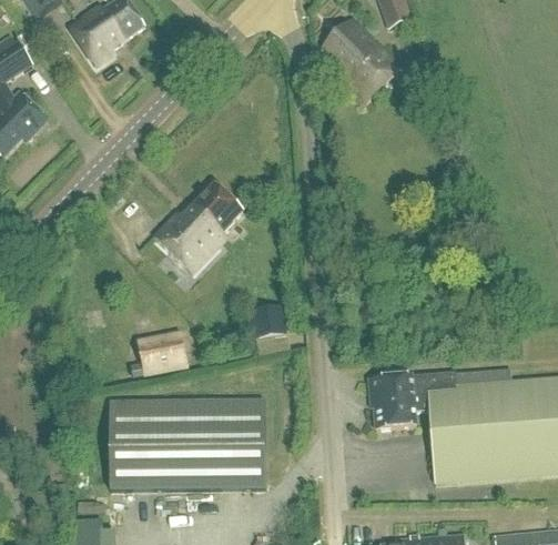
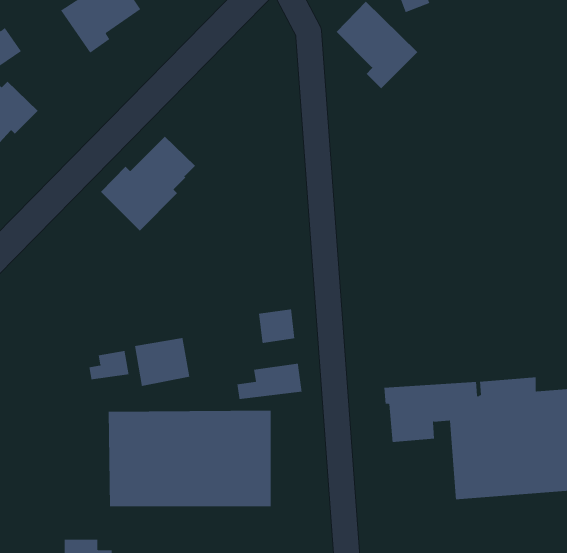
building: [153,183,242,272] -> [100,136,196,231]
building: none -> [89,350,129,380]
building: none -> [237,363,302,400]

